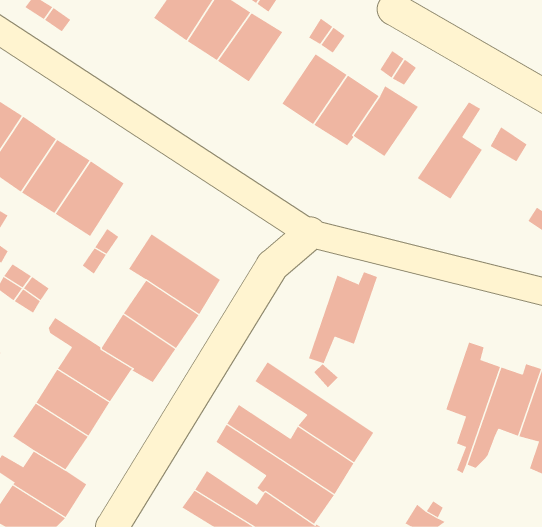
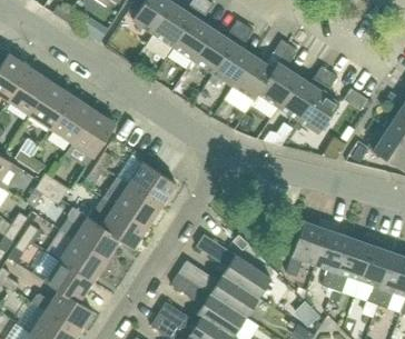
building: none -> [192,29,234,73]
building: none -> [277,67,329,120]
building: [308,271,378,364] -> [286,219,329,277]

